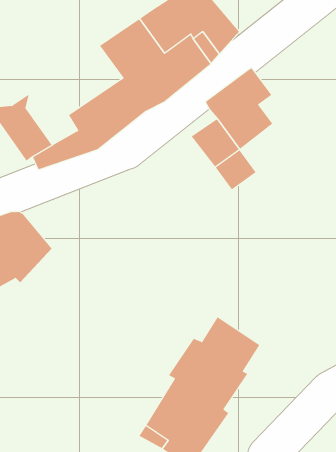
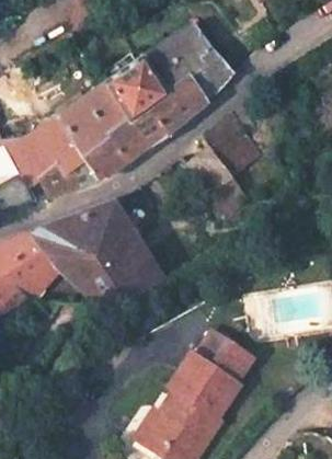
building: none -> [36,83,125,174]
building: none -> [33,202,167,307]

